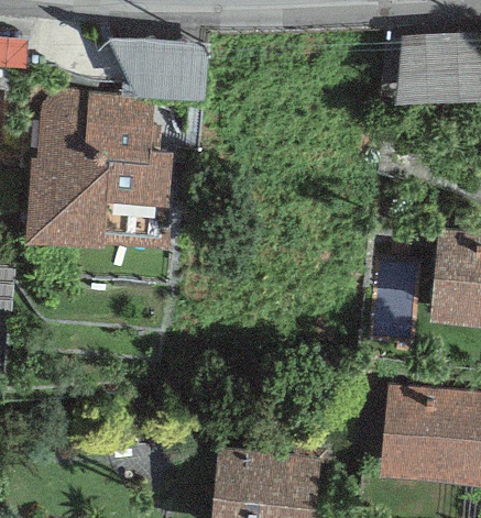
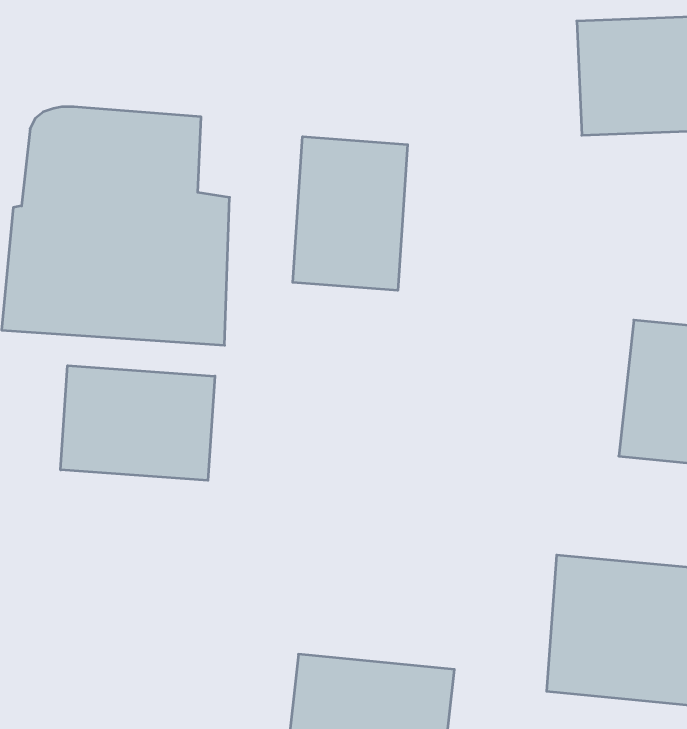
building: none -> [293,137,408,290]
building: none -> [61,366,215,480]

